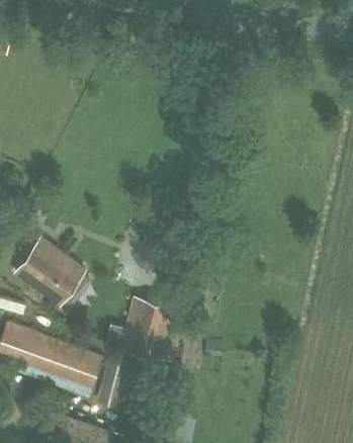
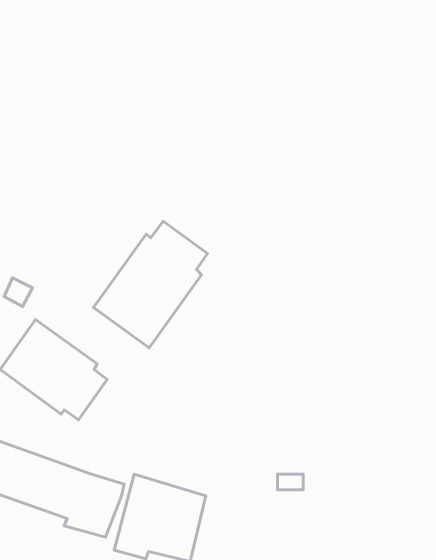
building: none -> [94,221,207,348]
building: [118,296,172,356] -> none

